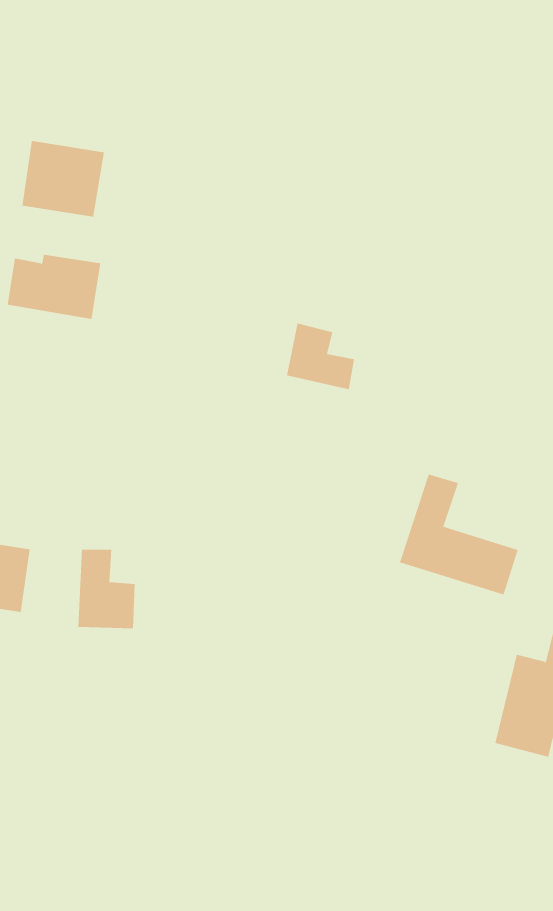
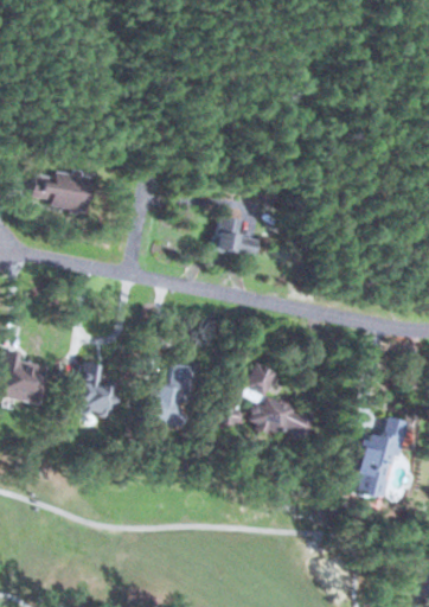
building: [22,140,105,217] -> none
building: [399,474,519,595] -> [237,364,315,443]
building: none -> [145,364,193,427]

